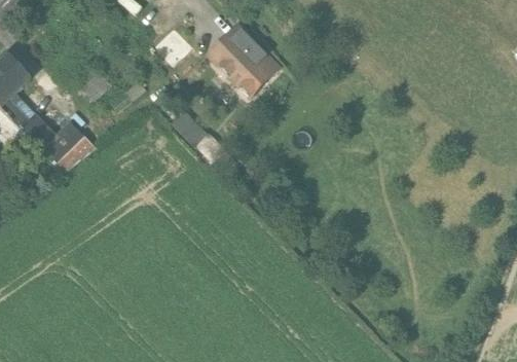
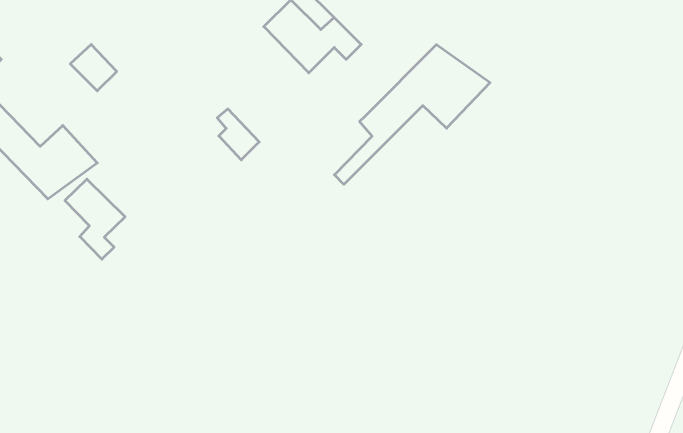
building: none -> [334,45,490,184]
building: none -> [65,179,125,259]

